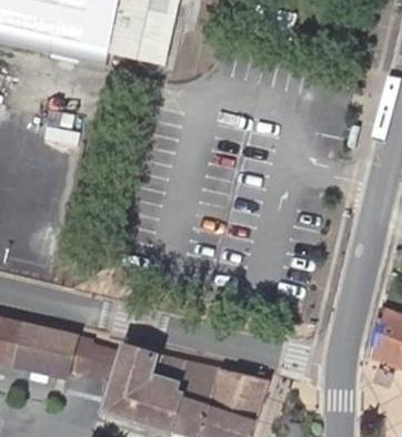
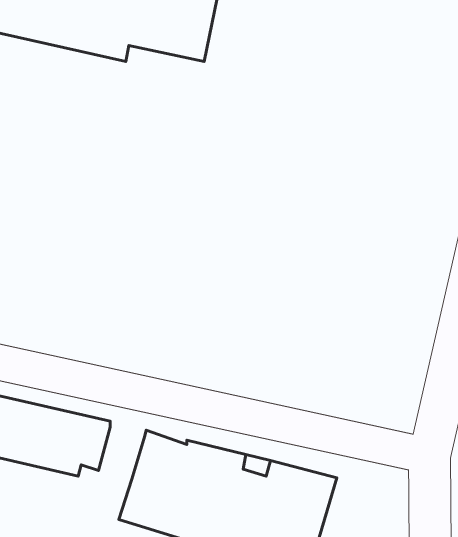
building: [86,344,121,384] -> none

